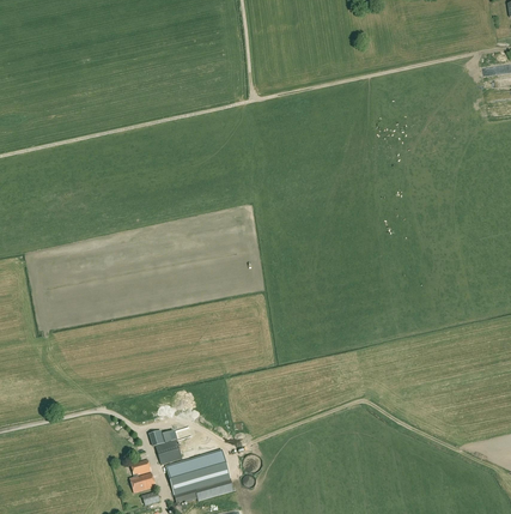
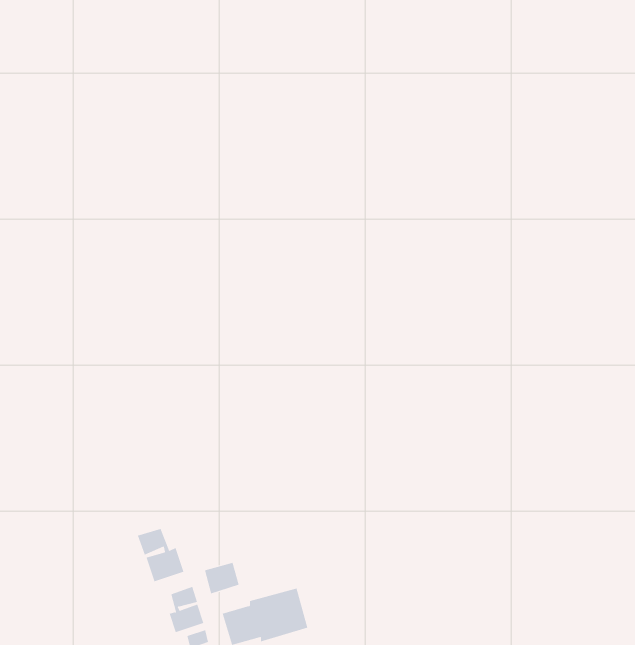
building: none -> [137,528,184,582]

